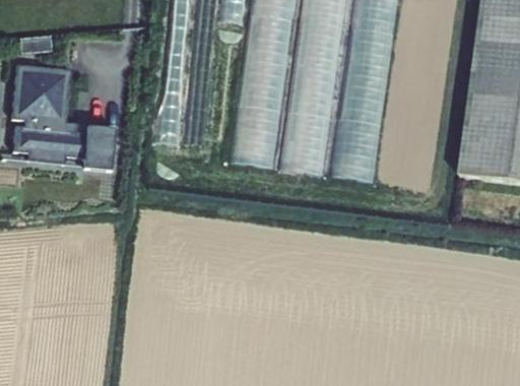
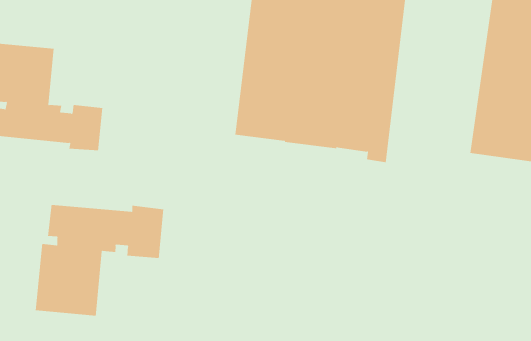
building: none -> [35,204,164,317]

